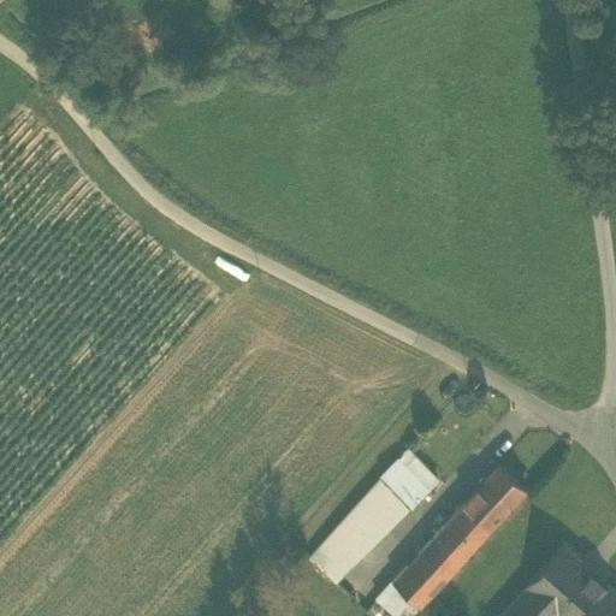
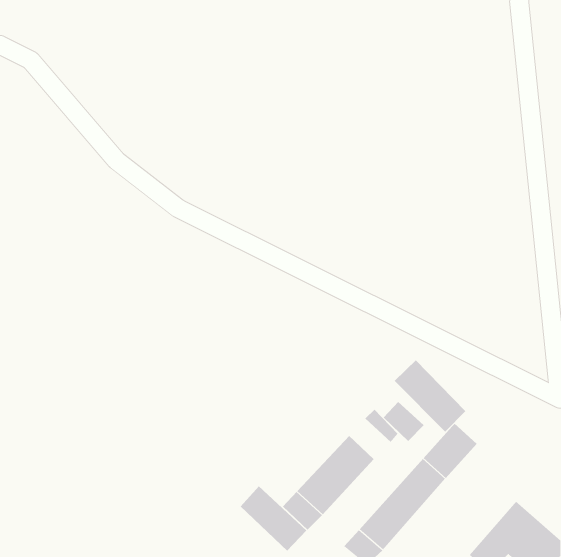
building: none -> [394,360,466,432]
building: [383,463,428,508] -> [383,401,425,442]
building: none -> [240,486,307,551]

